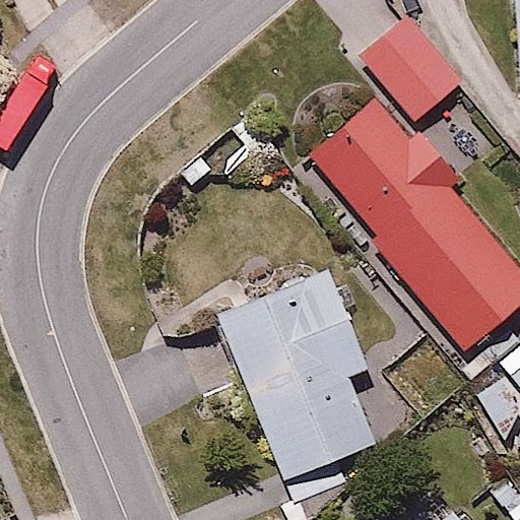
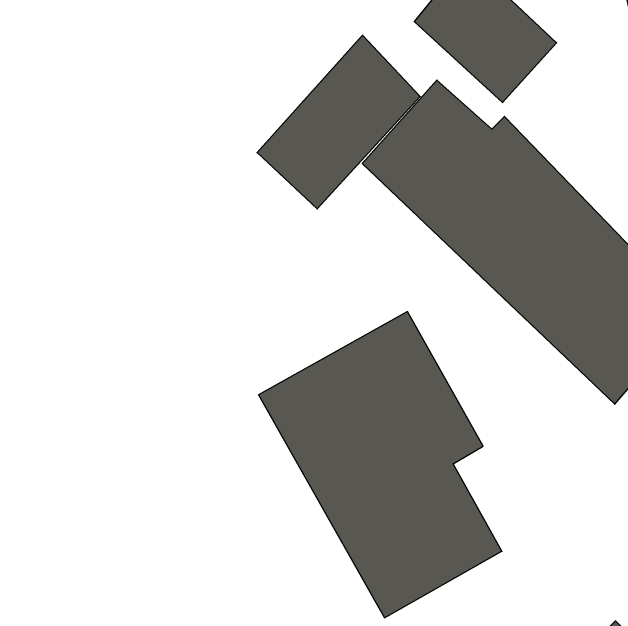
building: none -> [257,35,420,209]

